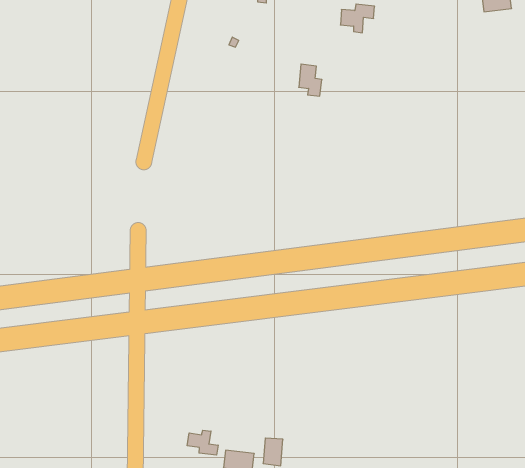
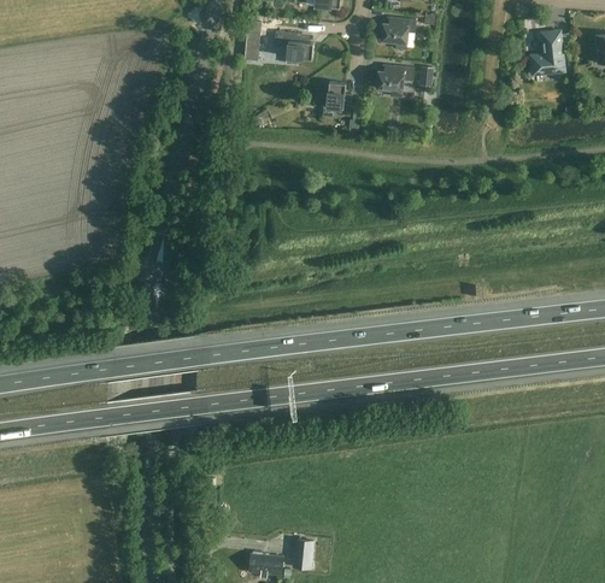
building: [299,64,322,96] -> [325,81,351,116]
building: [187,430,218,455] -> none

